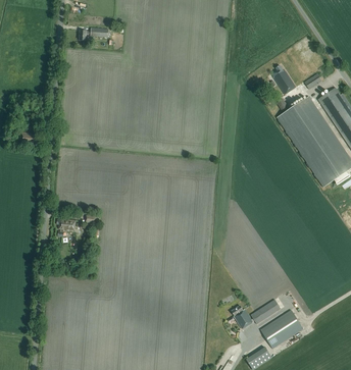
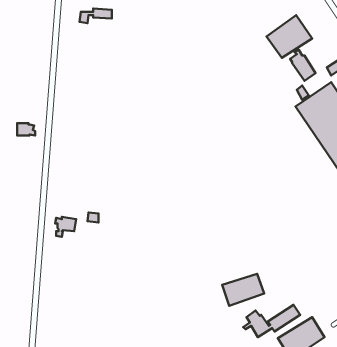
building: none -> [267,15,312,58]
building: none -> [222,274,264,306]

